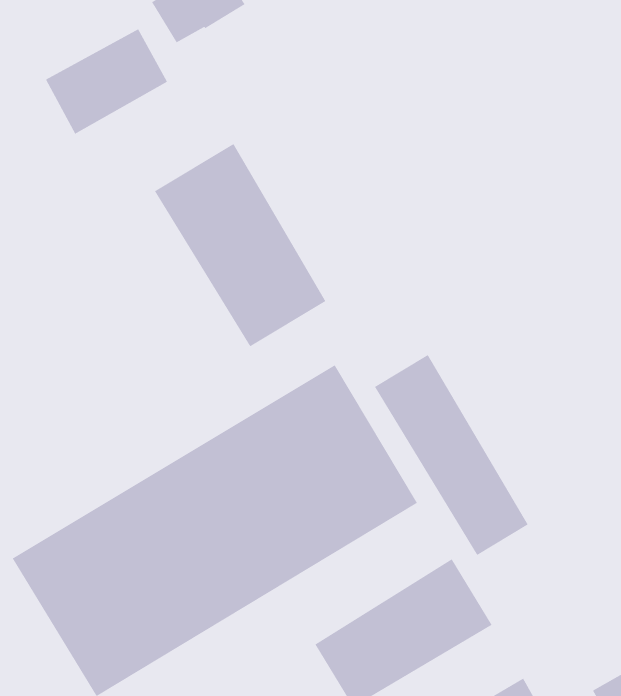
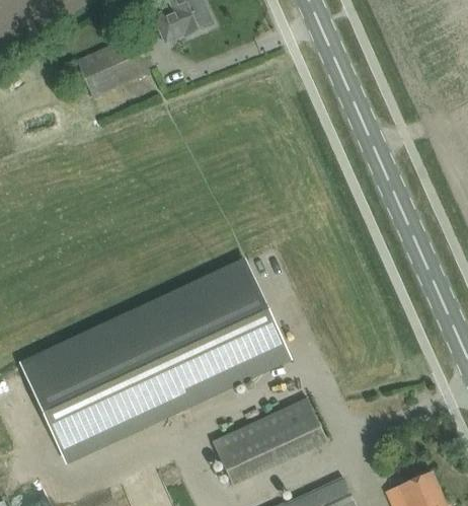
building: [154,143,326,347] -> none
building: [374,354,528,556] -> none

